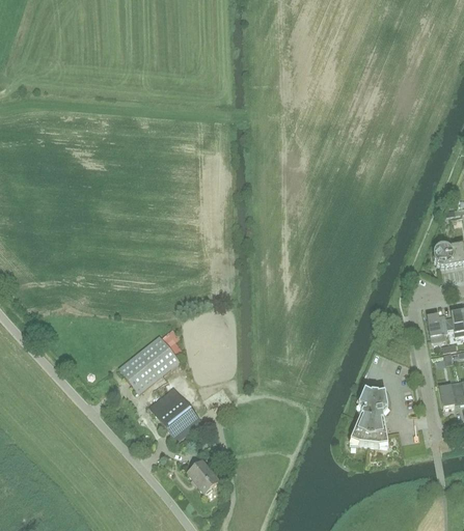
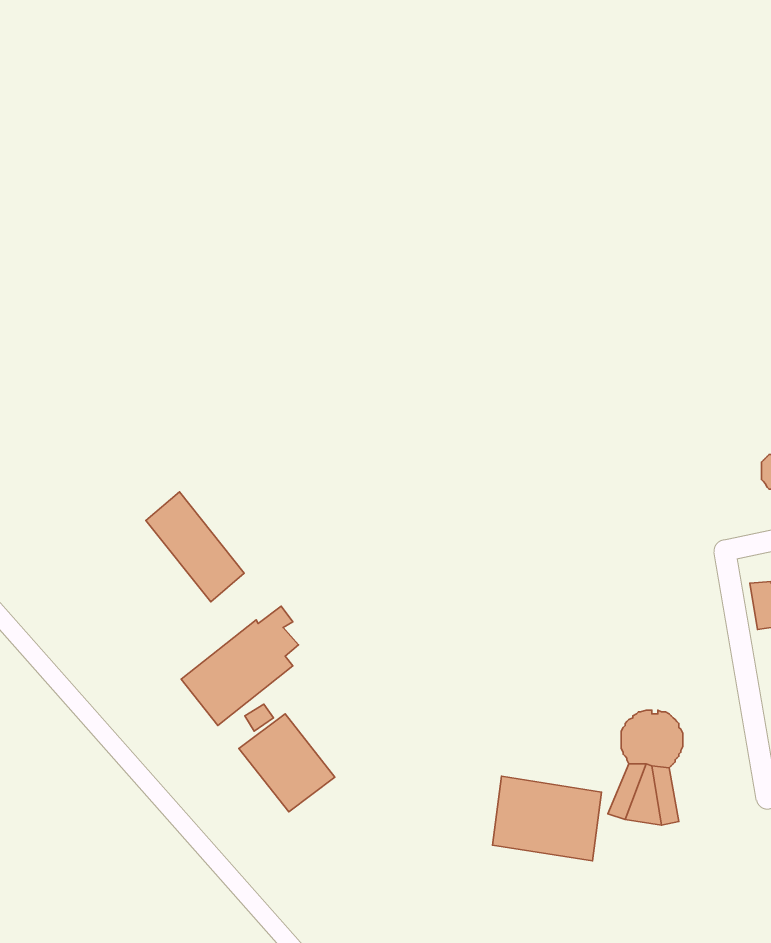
building: none -> [146,492,244,602]
building: none -> [492,776,602,861]
building: [189,459,220,493] -> none

